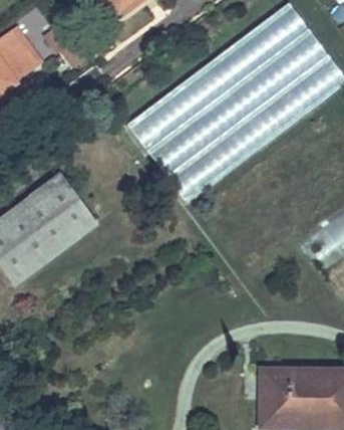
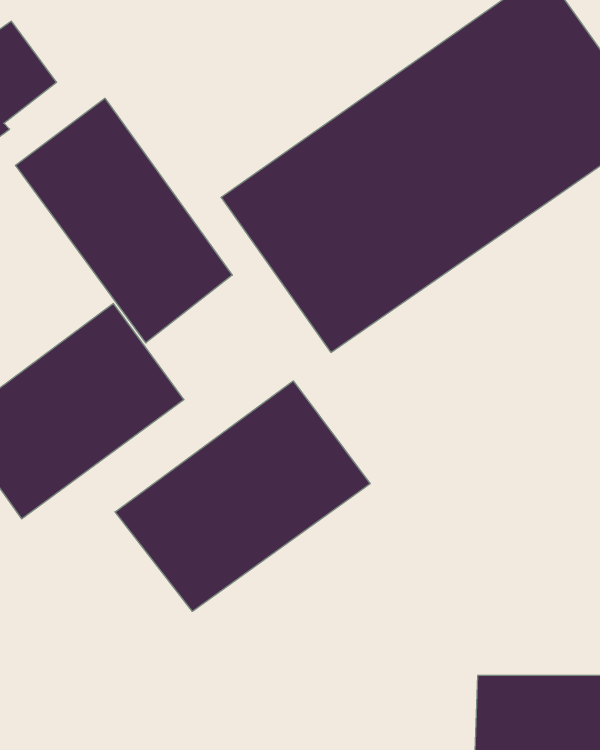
building: none -> [15,98,232,343]
building: none -> [115,381,370,611]

